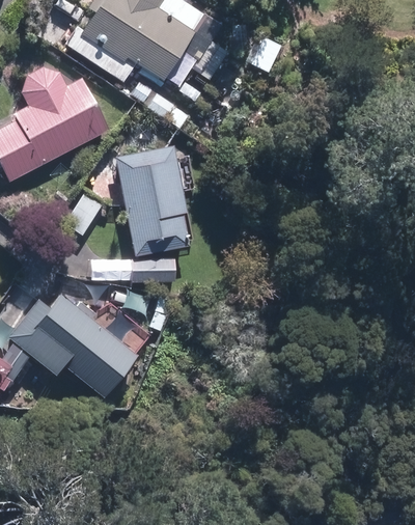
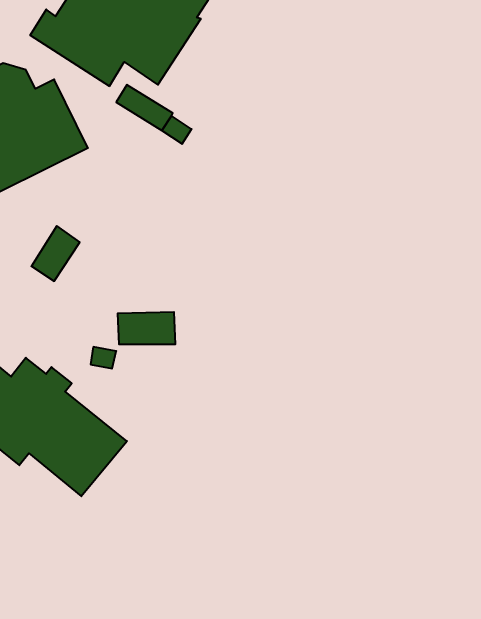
building: [116,145,188,254] -> none

